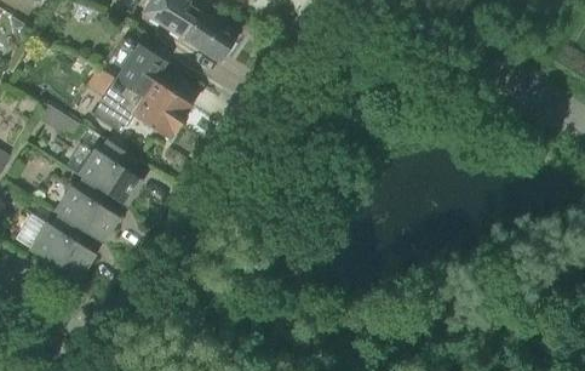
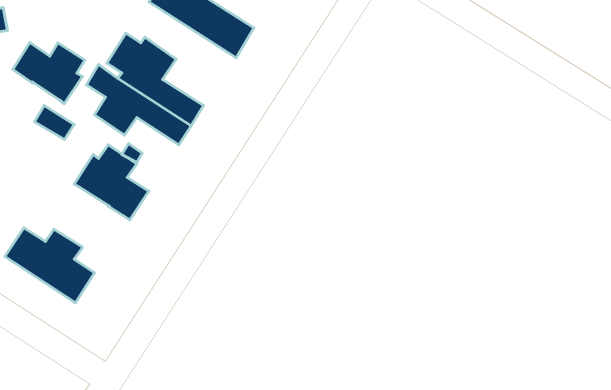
building: none -> [13,43,85,104]
building: [55,176,120,241] -> none

